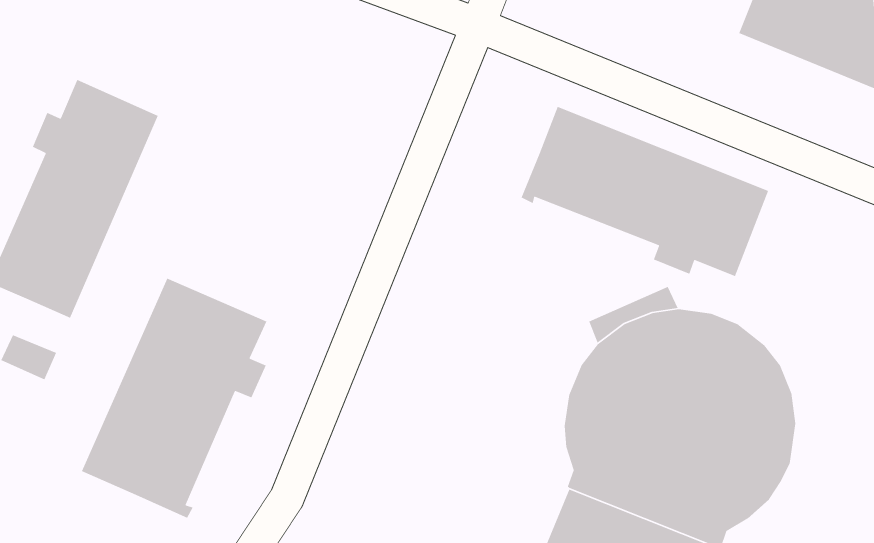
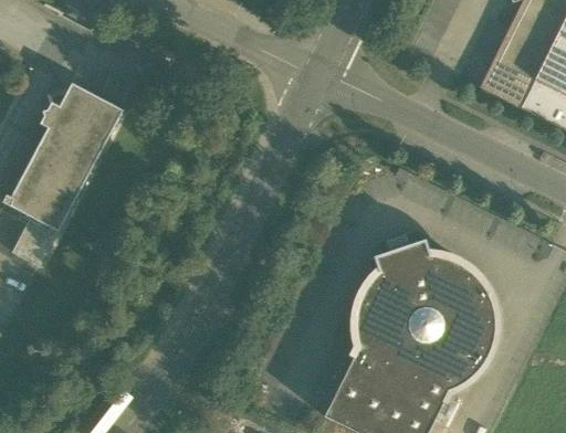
building: [521,106,769,277] -> none
building: [81,278,267,519] -> none
building: none -> [20,214,56,249]

